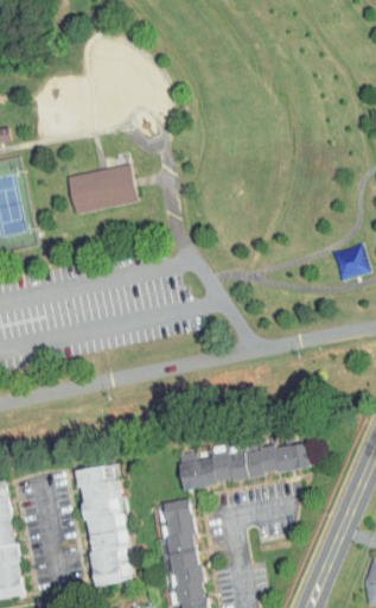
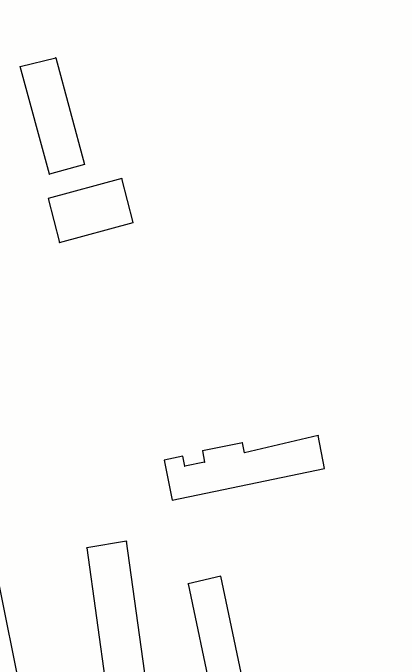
building: none -> [20,58,85,174]
building: [179,441,311,487] -> [164,436,324,500]

